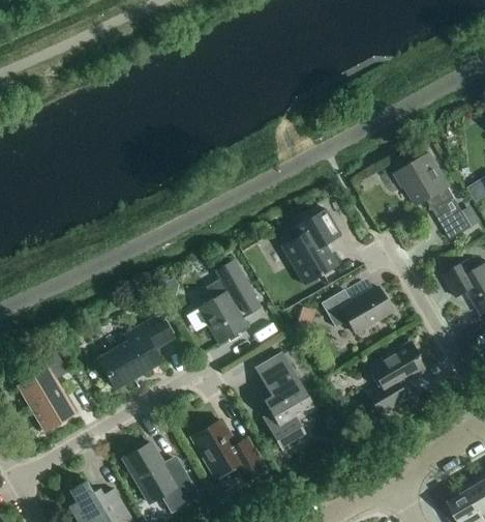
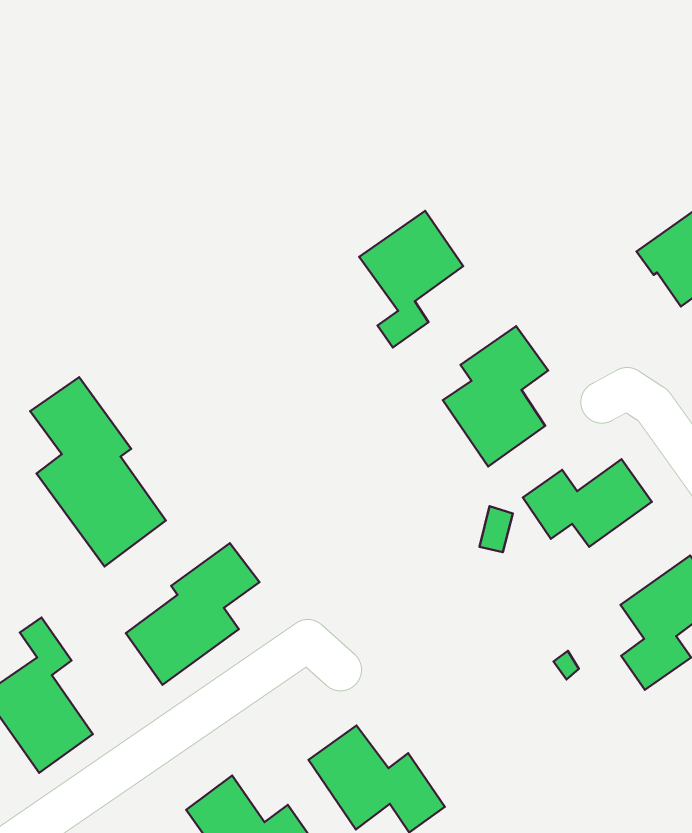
building: none -> [359,211,463,348]
building: none -> [30,377,166,567]
building: [198,261,260,344] -> none
building: [256,352,314,454] -> none

